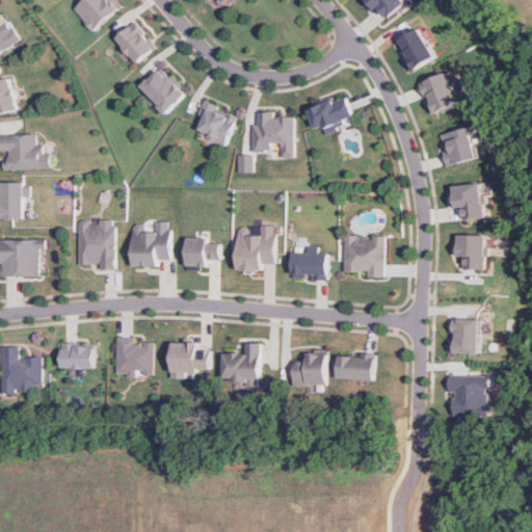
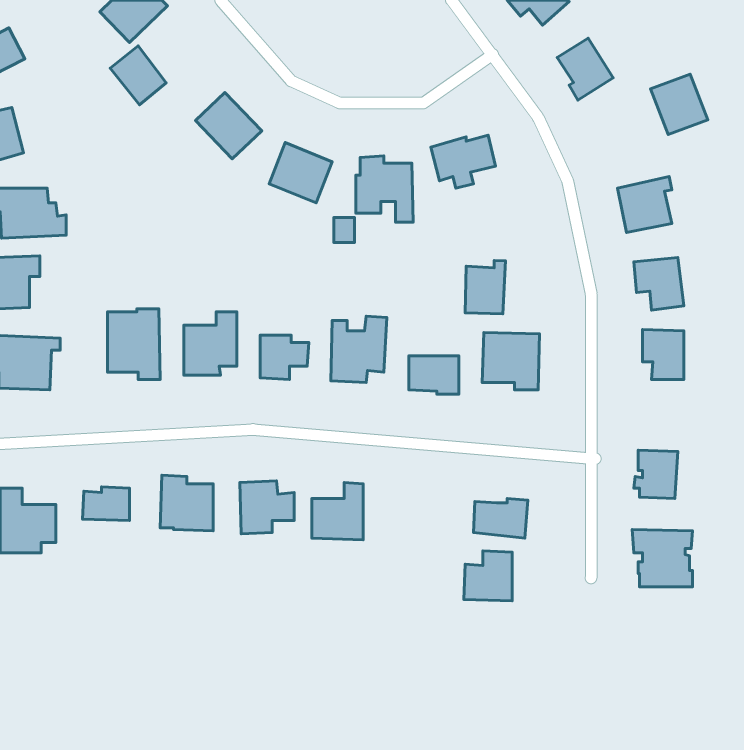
building: [113,22,153,63] -> [110,46,166,105]
building: [416,73,456,115] -> [651,74,708,135]
building: none -> [465,260,506,314]
building: [290,350,324,385] -> [464,551,512,601]

